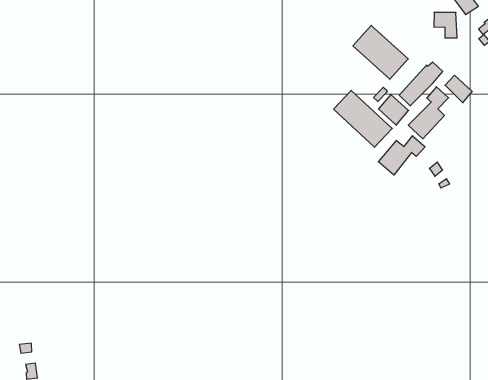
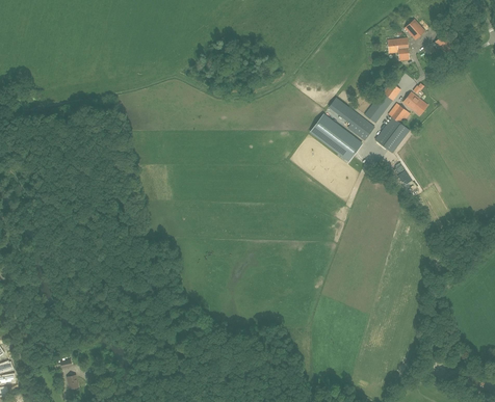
building: [353,25,408,79] -> none
building: [378,136,425,175] -> none

